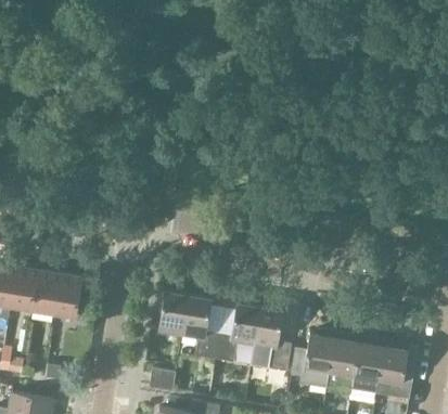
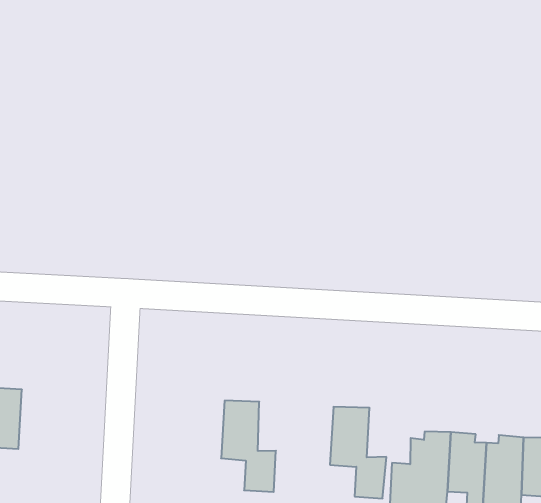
building: [49,274,84,318] -> none
building: [158,292,189,334] -> none
building: [215,303,260,363] -> none

